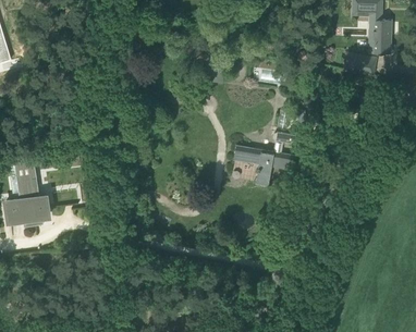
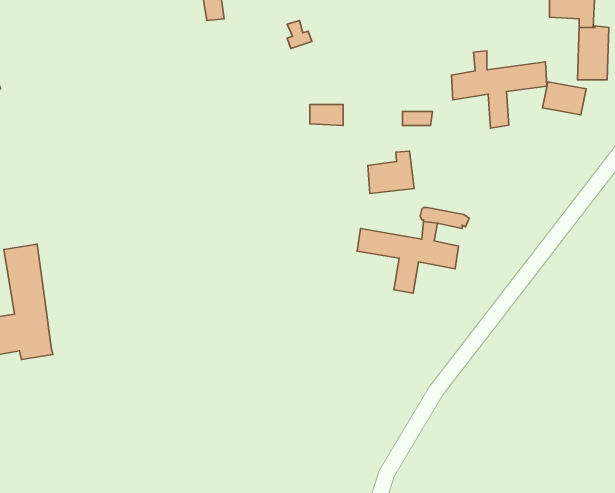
building: none -> [452,51,547,128]
building: none -> [368,151,414,194]

